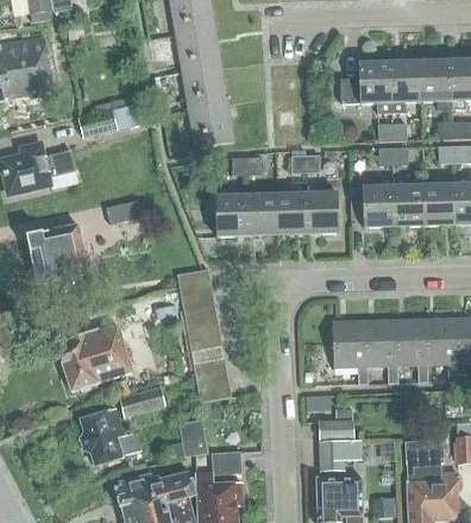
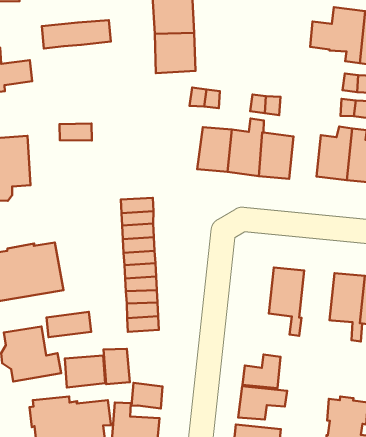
building: [215,194,247,237] -> none
building: [364,319,398,383] -> none
building: none -> [65,355,105,387]

